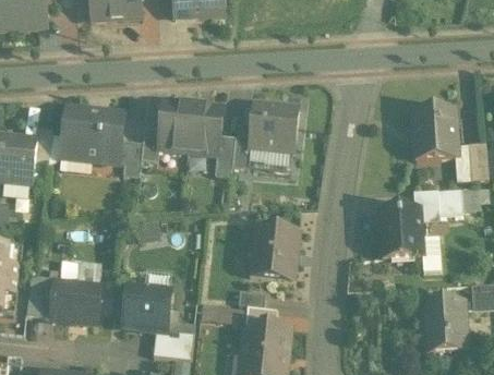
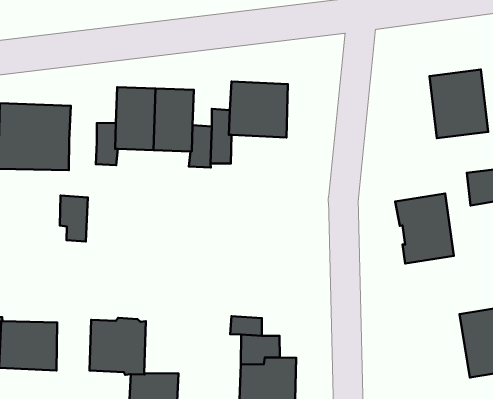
building: [118,140,142,178] -> [60,196,88,241]
building: [248,225,298,278] -> none

